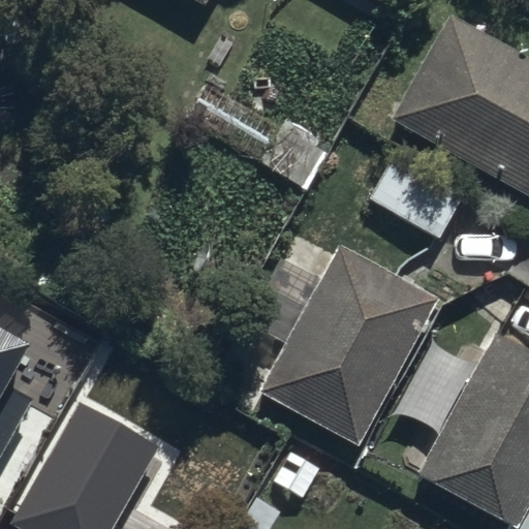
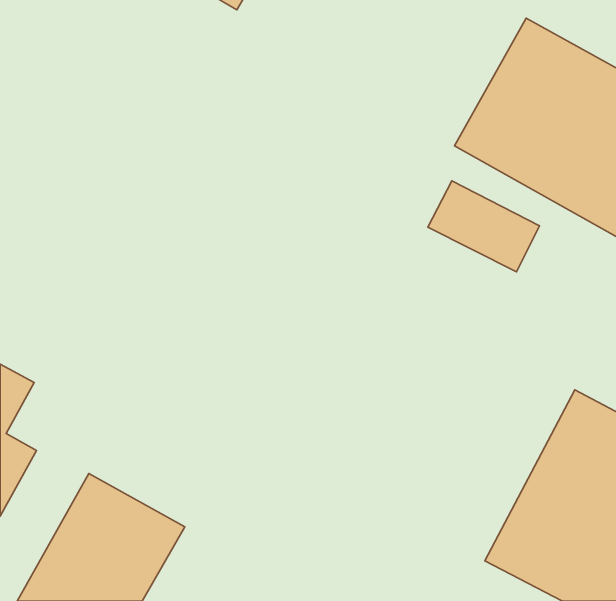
building: [257,243,443,449] -> none

